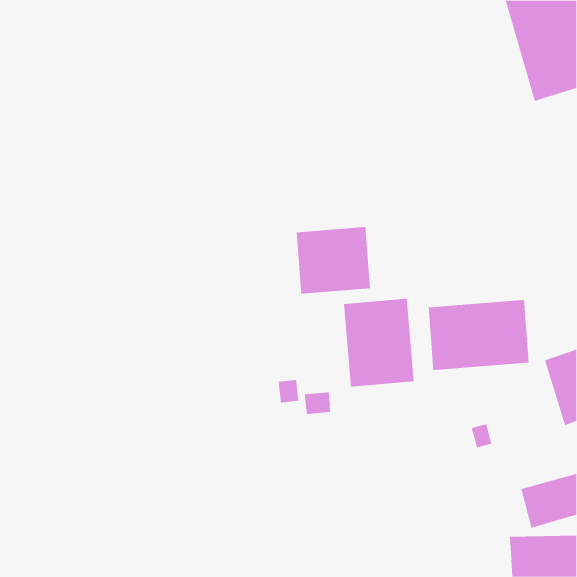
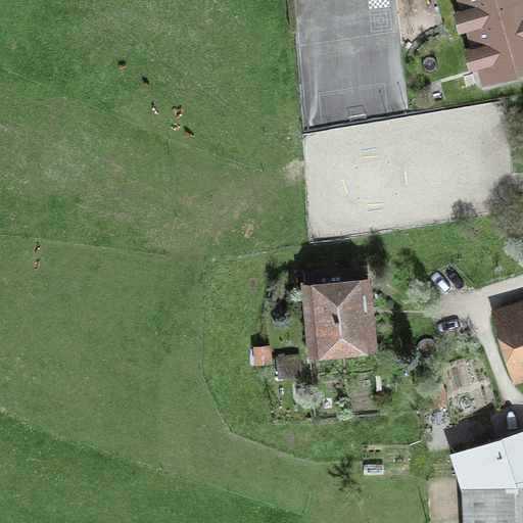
building: [296,226,371,295] -> none
building: [428,299,529,371] -> none

